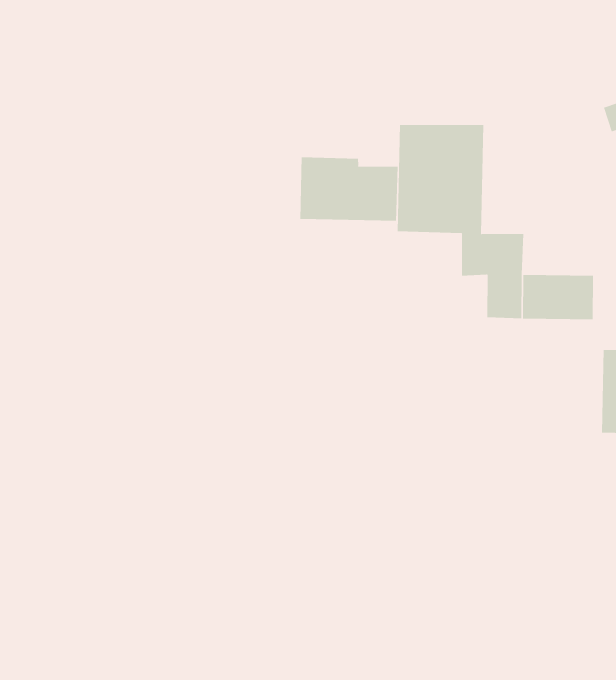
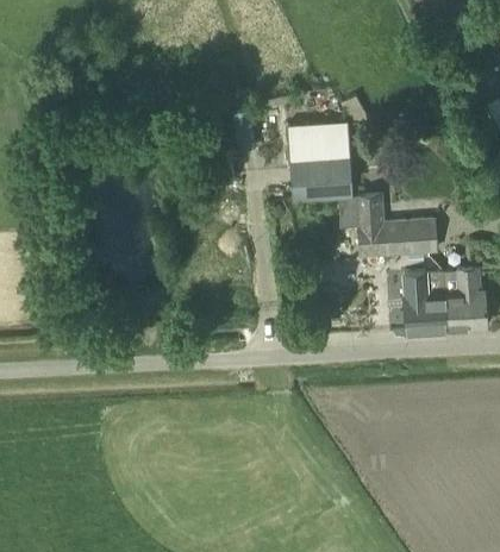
building: [300,156,398,222] -> none
building: none -> [404,270,448,331]

